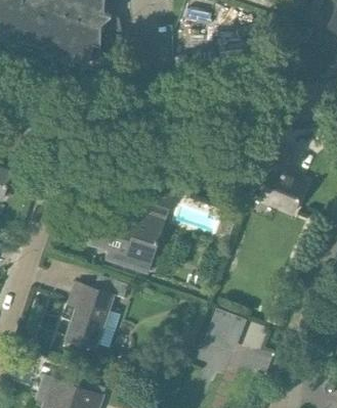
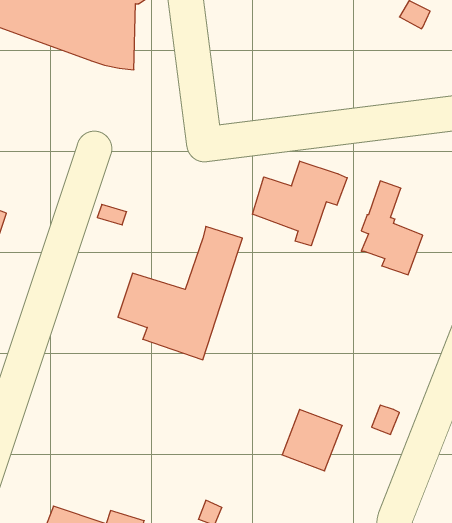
building: none -> [252,161,347,246]
building: [65,281,121,350] -> none

